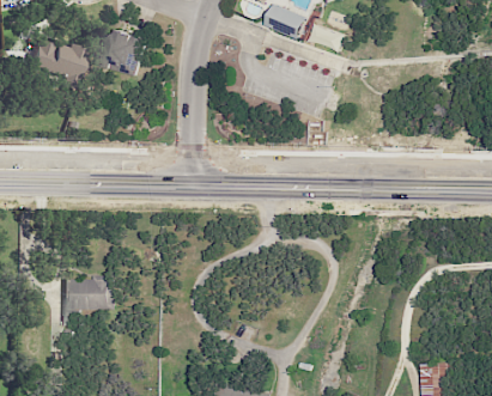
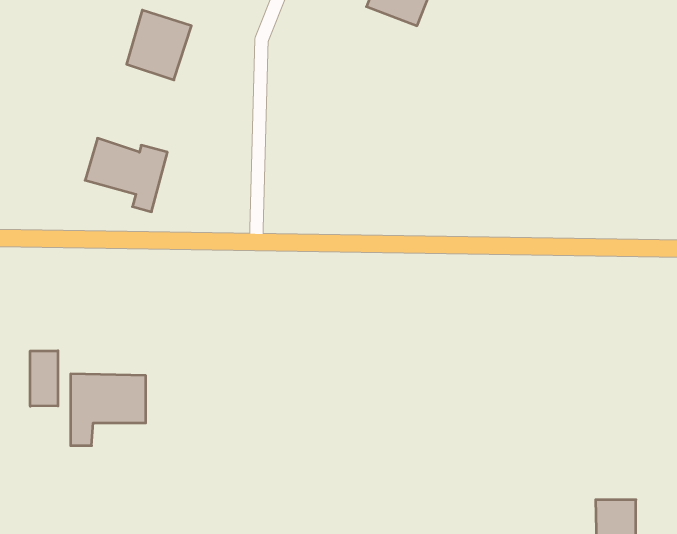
building: [28,38,84,89] -> [85,138,167,212]
building: none -> [30,351,58,406]

